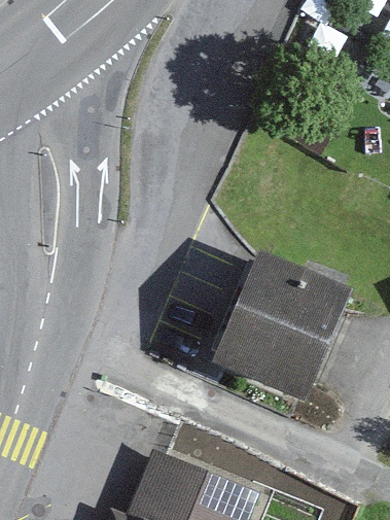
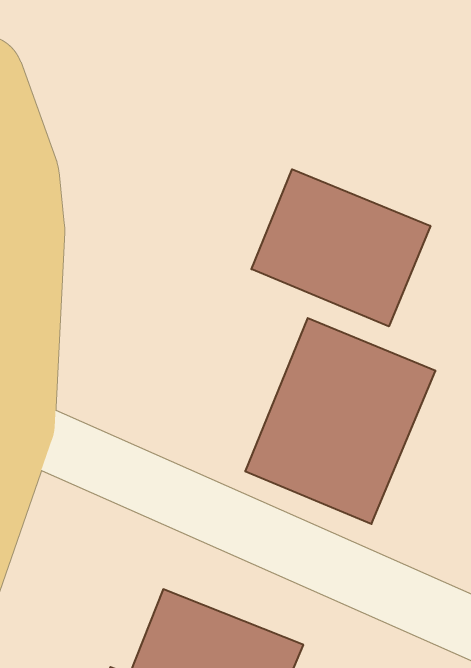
building: none -> [251,169,430,326]

